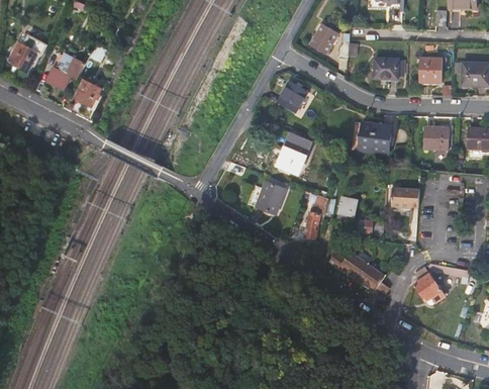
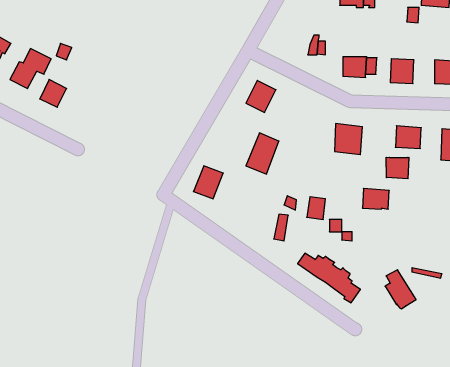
building: [310,23,338,54] -> none
building: none -> [386,157,409,179]
building: [255,181,284,213] -> [193,166,223,199]

